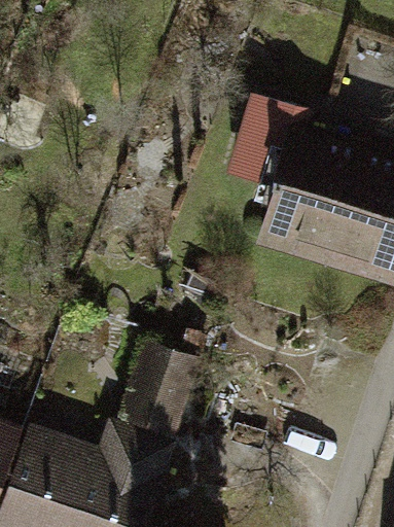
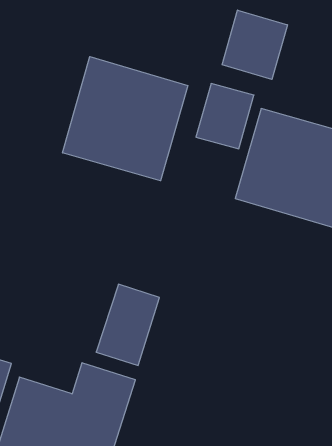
building: none -> [222,10,287,79]
building: none -> [63,57,188,181]

